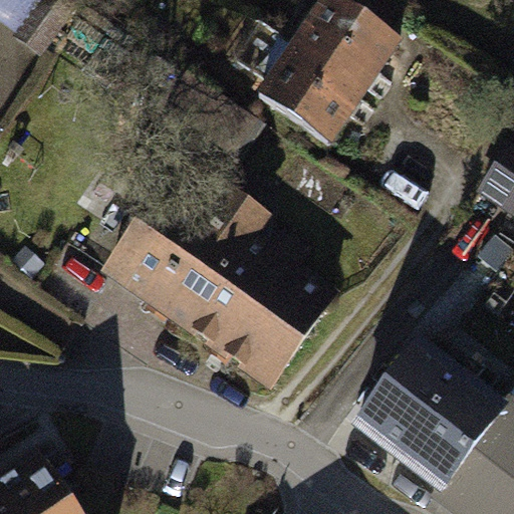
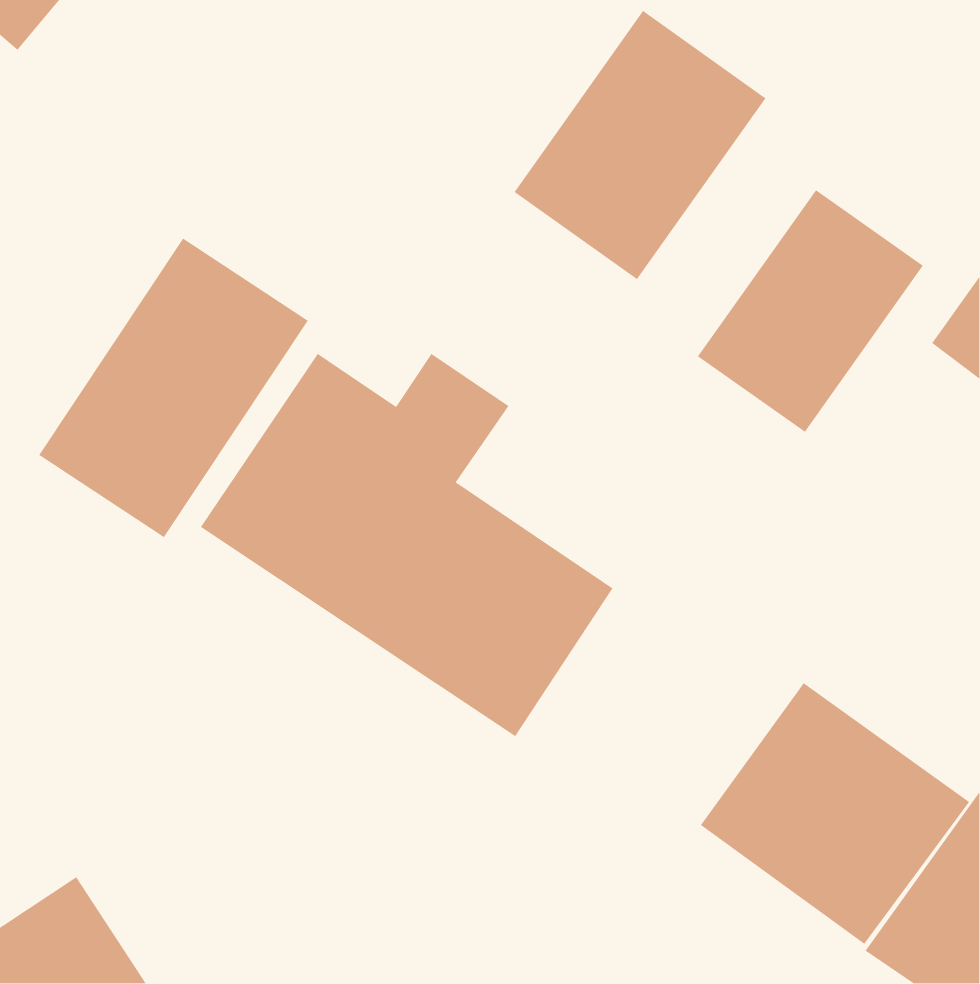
building: none -> [697,189,924,433]
building: none -> [38,237,309,538]

